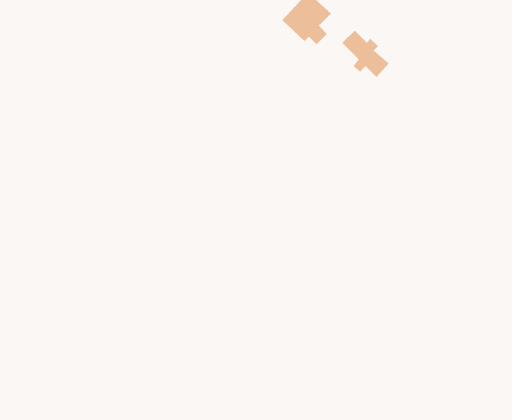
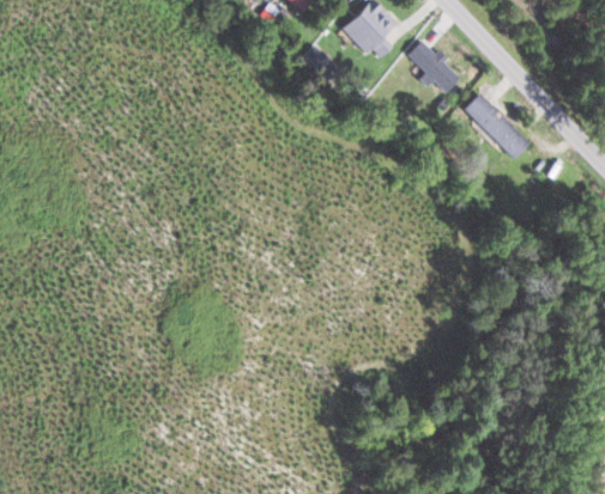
building: none -> [464,92,530,159]

